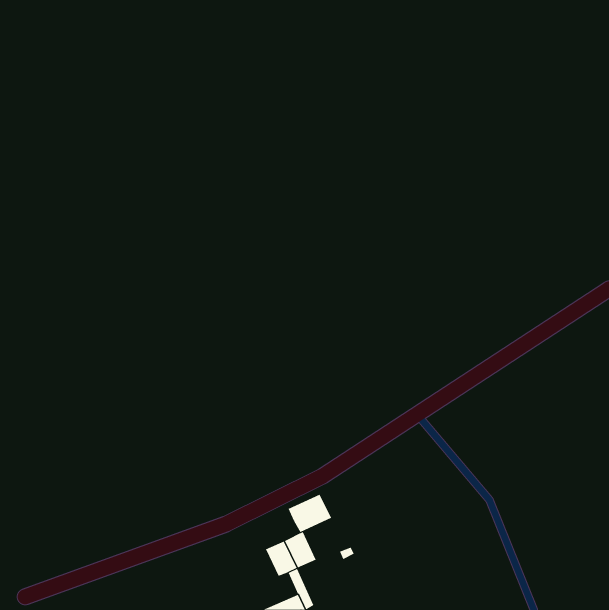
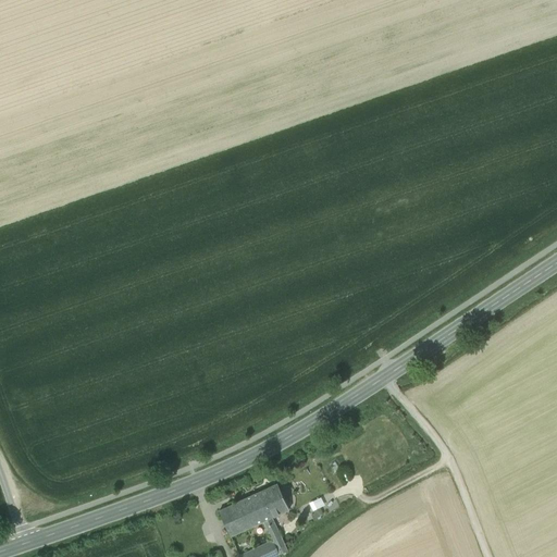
building: [288,494,332,533] -> none
building: none -> [218,500,253,536]

